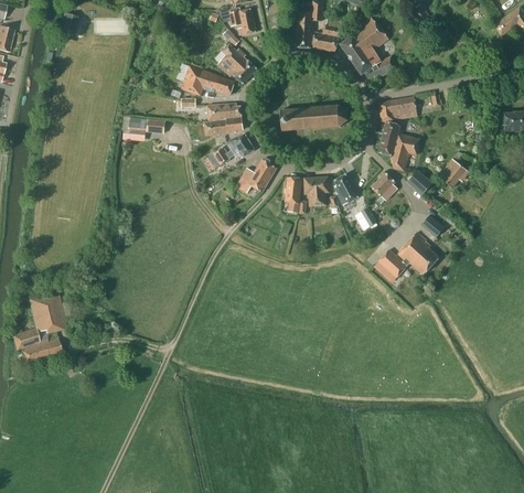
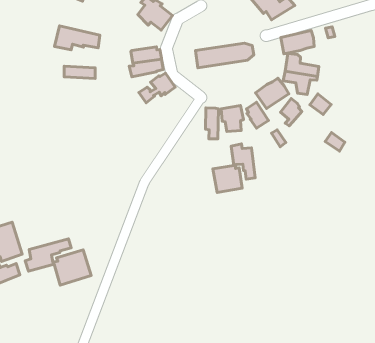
building: [182,66,235,95] -> [54,26,100,50]
building: none -> [255,78,289,108]
building: [235,159,277,193] -> none
building: [439,159,469,187] -> none
building: none -> [213,144,255,192]
building: [381,232,438,275] -> none
building: none -> [25,239,91,285]

